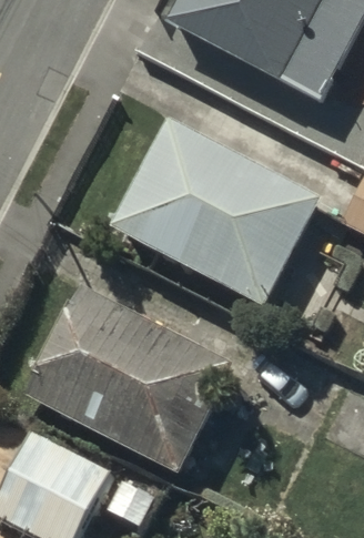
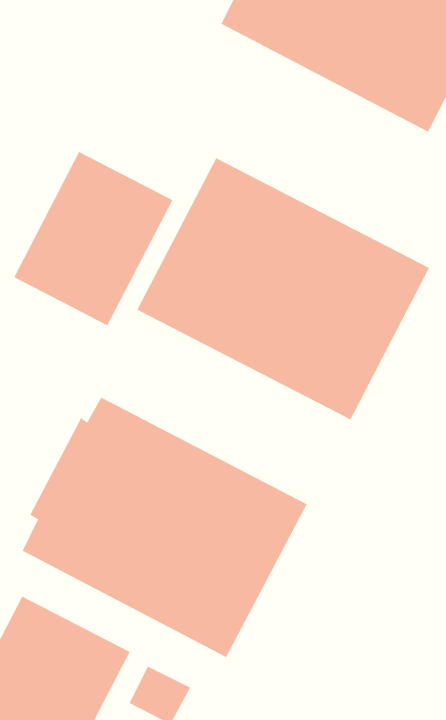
building: none -> [13,151,173,326]

